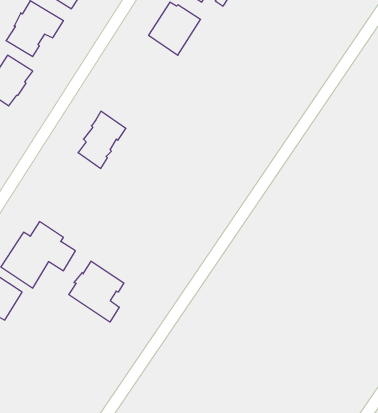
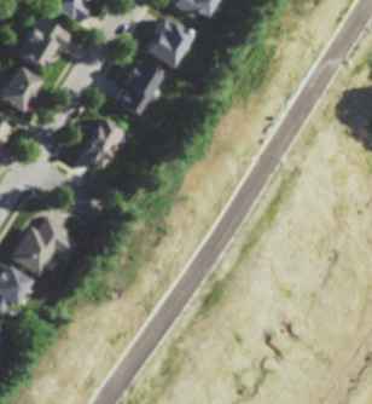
building: none -> [117,59,163,114]
building: [69,261,124,322] -> none

